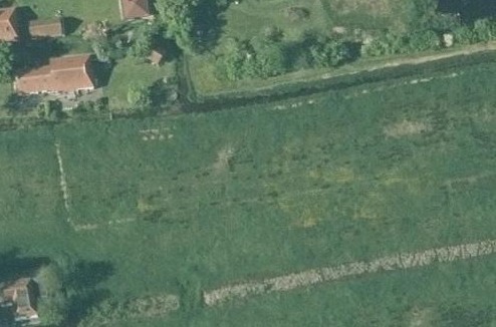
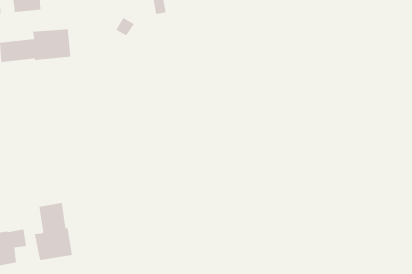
building: none -> [34,202,73,261]

